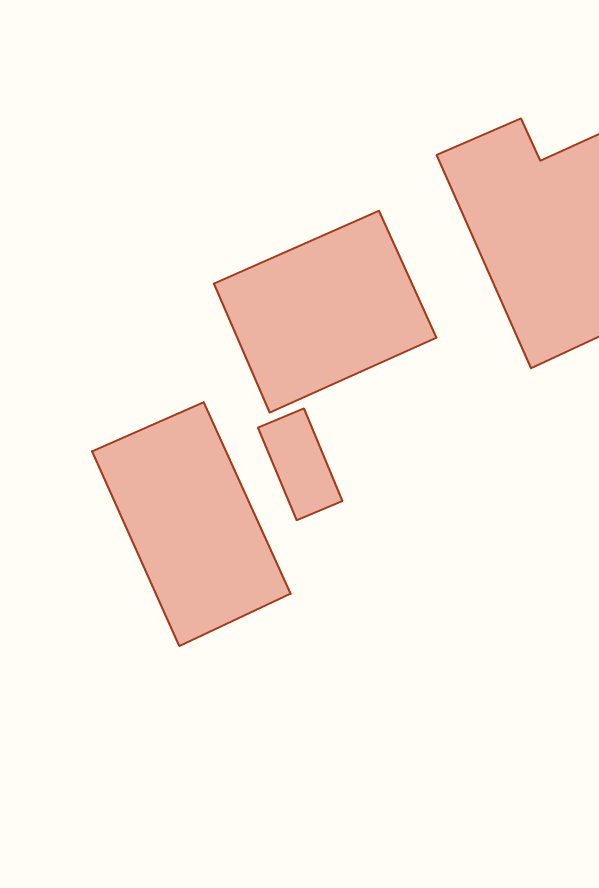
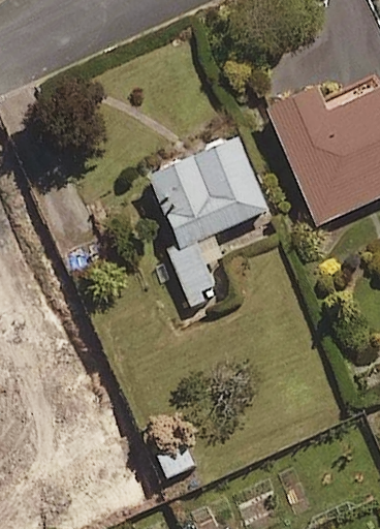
building: [92,402,291,646] -> none

